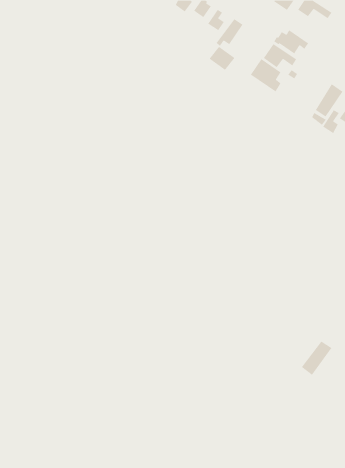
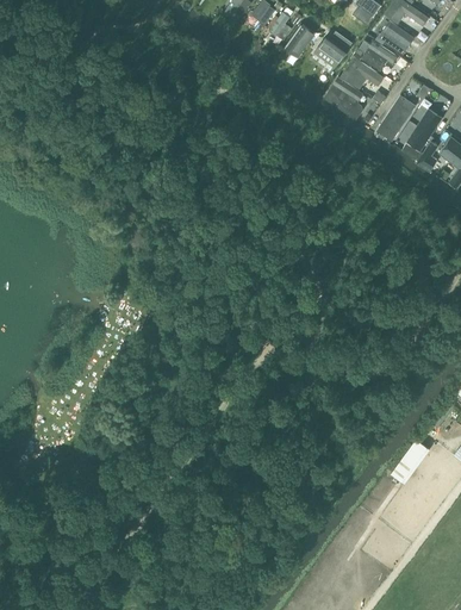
building: none -> [374,19,415,54]
building: [209,46,236,71] -> [312,36,347,68]
building: none -> [375,94,416,142]

